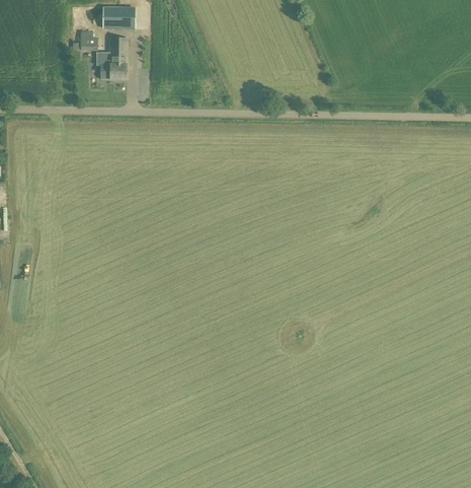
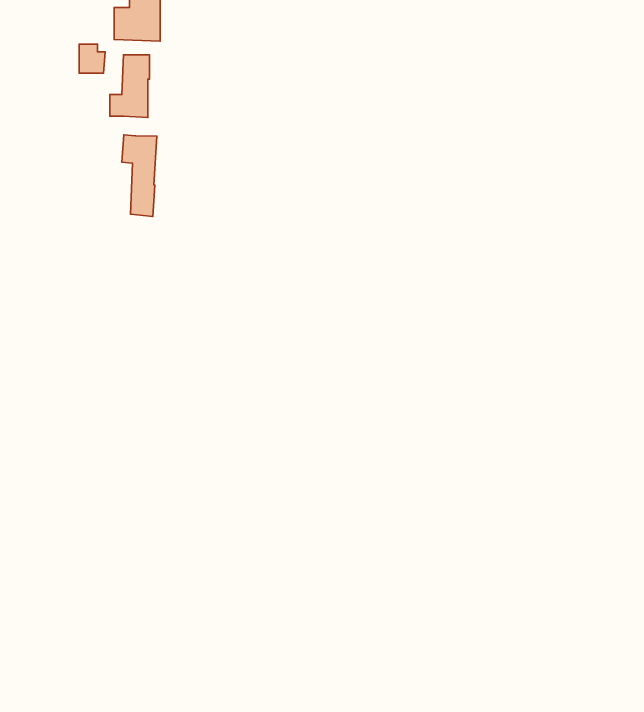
building: none -> [122,135,157,216]

